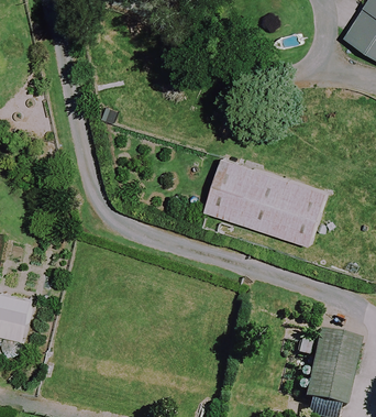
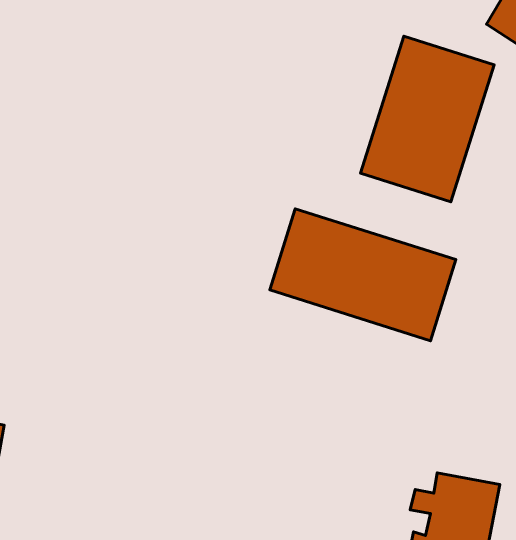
building: none -> [361,36,494,202]

